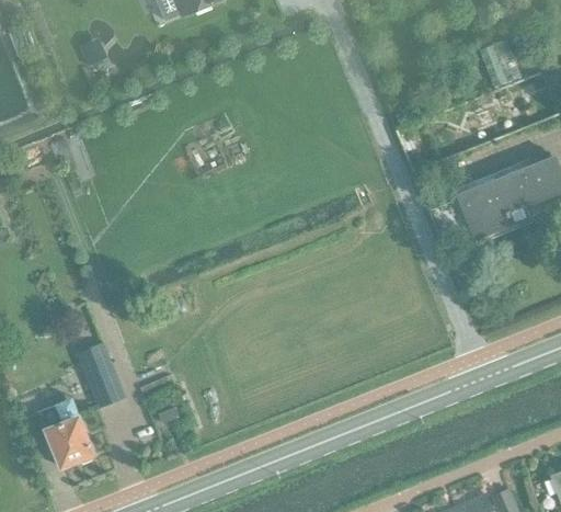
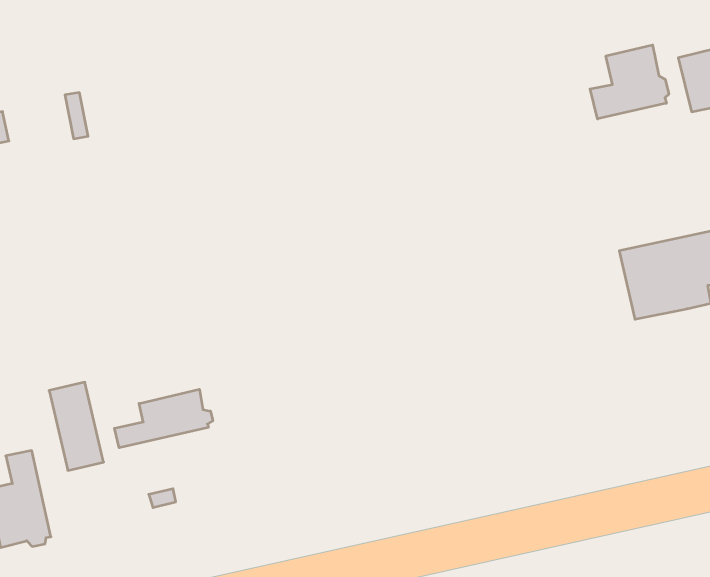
building: none -> [590,45,669,119]
building: none -> [114,389,213,448]

